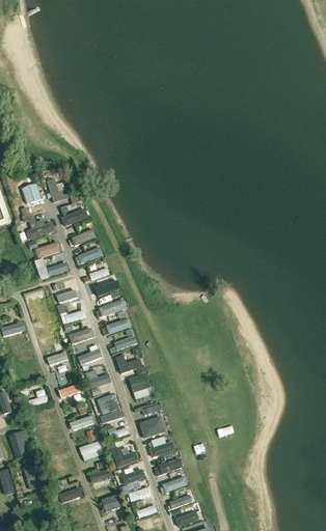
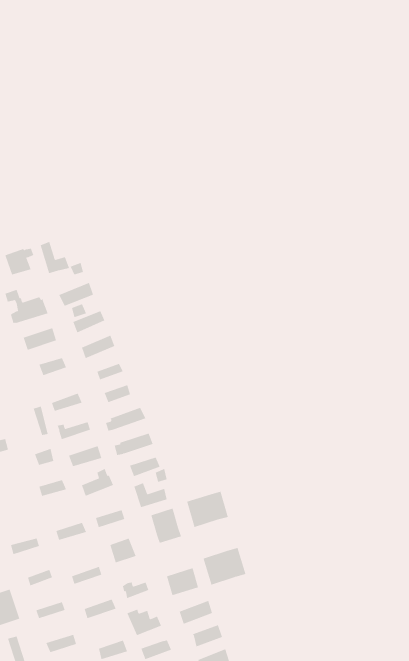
building: none -> [186,491,228,528]
building: none -> [203,547,246,585]

